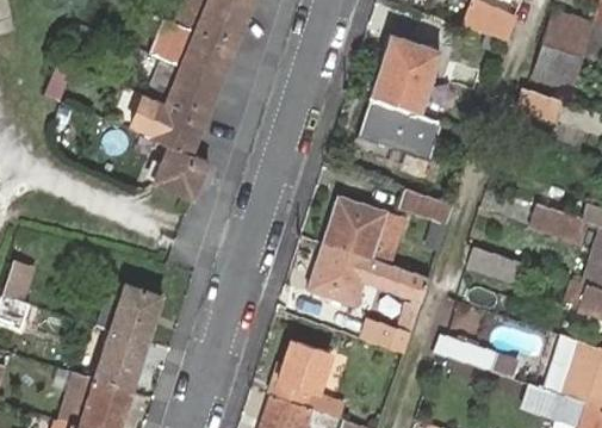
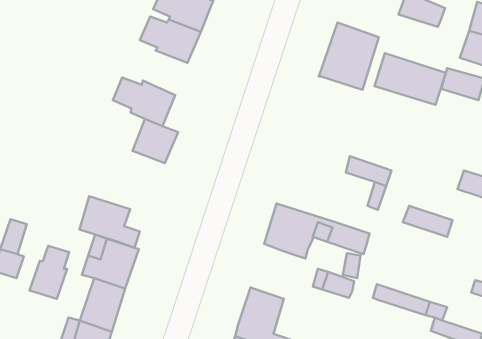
building: [145,57,219,118] -> none
building: [361,97,443,156] -> [374,53,446,105]
building: [322,196,404,265] -> none
building: none -> [79,196,140,248]
building: none -> [30,246,69,299]

